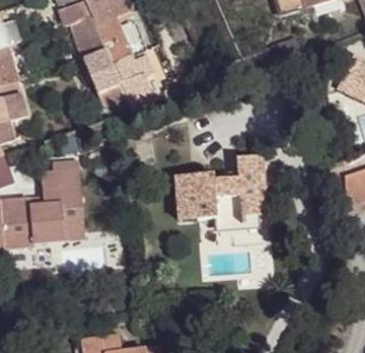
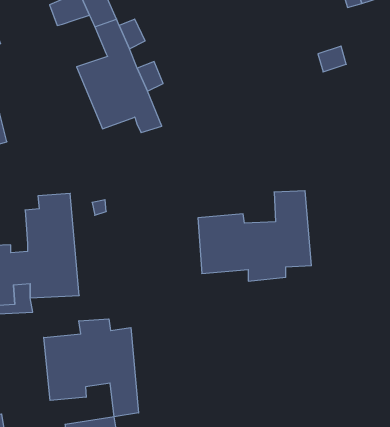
building: [71,18,105,57] -> none
building: none -> [44,319,139,417]

